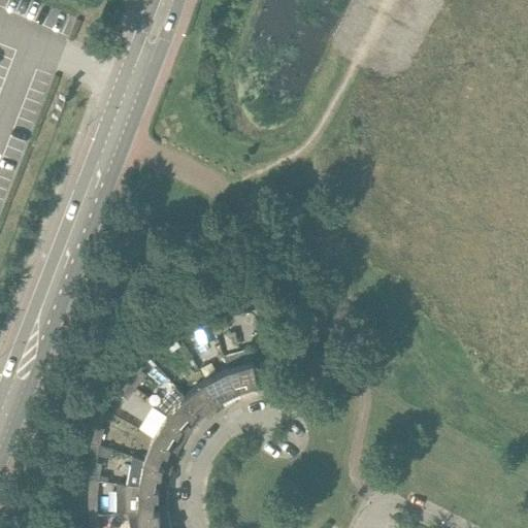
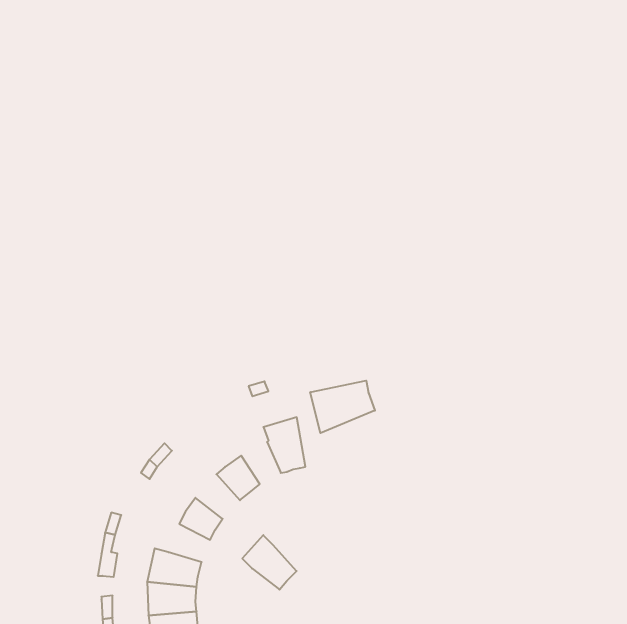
building: none -> [310,381,375,433]
building: [201,375,234,410] -> none
building: [155,394,200,439] -> [242,535,297,590]
building: [140,443,175,475] -> none

